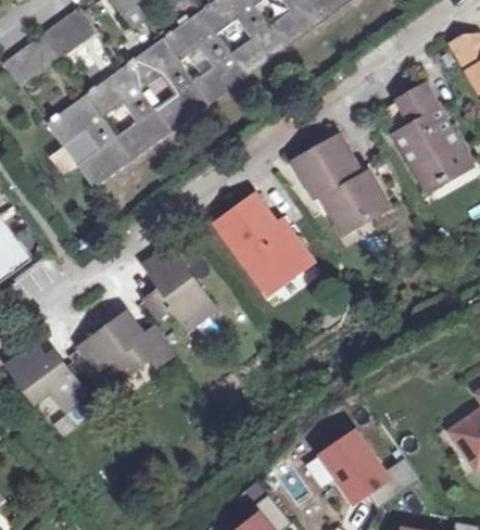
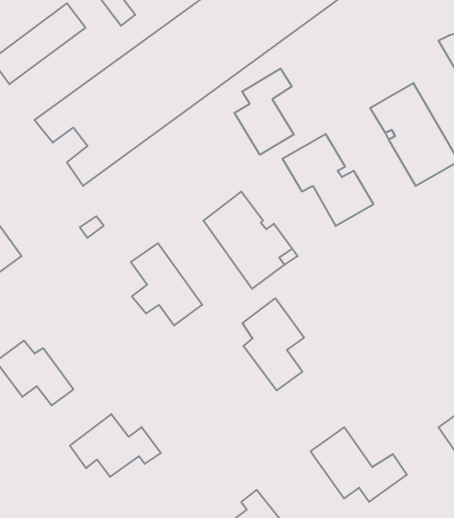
building: none -> [234,69,294,155]
building: none -> [243,298,304,390]
building: [80,314,172,377] -> [70,414,161,477]

